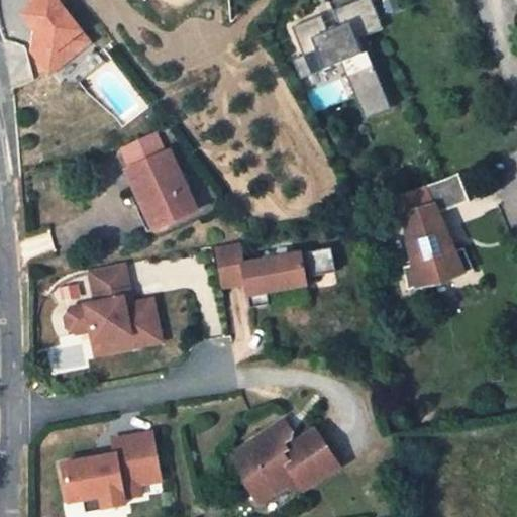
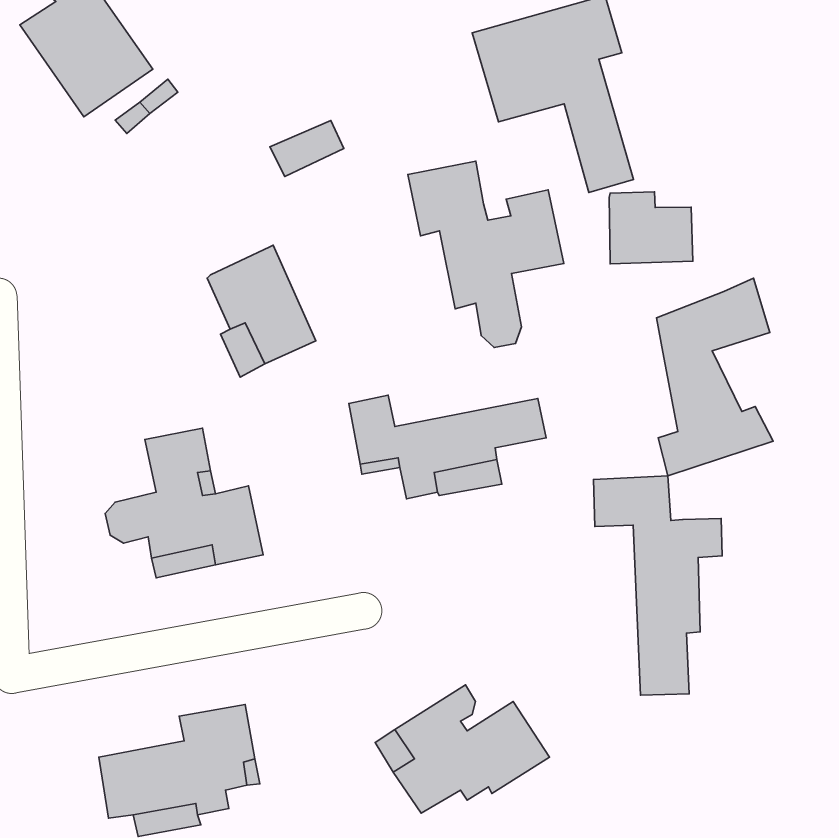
building: none -> [408,161,564,347]
building: none -> [609,192,693,264]
building: [120,134,166,169] -> [270,121,344,177]
building: none -> [594,476,722,695]

